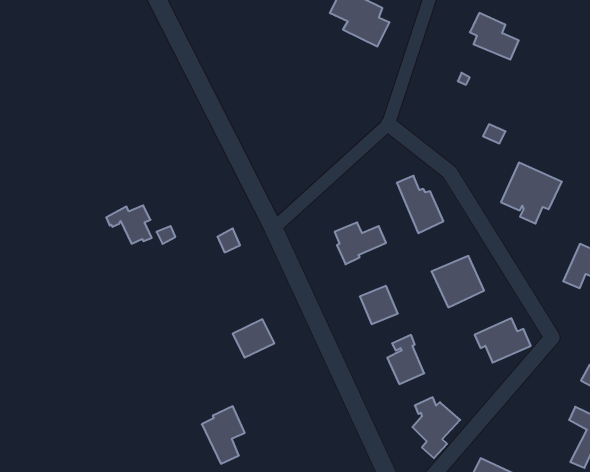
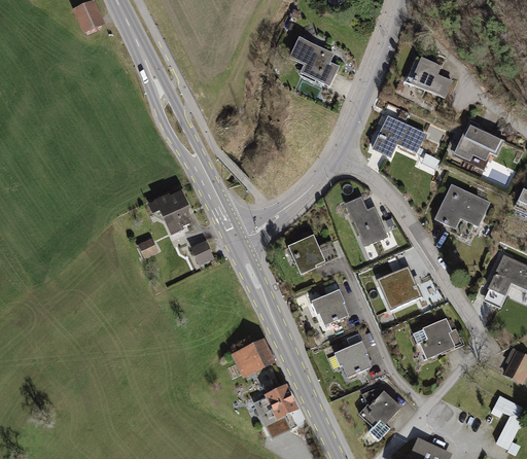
building: none -> [373,116,424,154]
building: none -> [454,120,503,158]
building: [106,205,152,244] -> [149,195,188,227]
building: [233,319,274,358] -> [234,342,270,375]
building: [202,406,245,464] -> [257,386,294,435]

